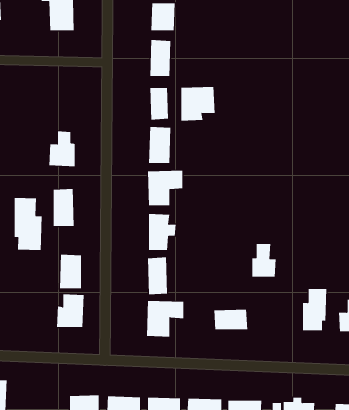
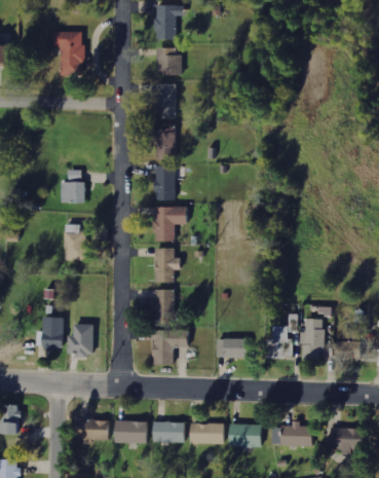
building: [181,86,215,122] -> none
building: [14,197,42,251] -> none
building: [252,244,277,277] -> [269,326,293,358]
building: [59,254,82,289] -> [41,317,63,350]

